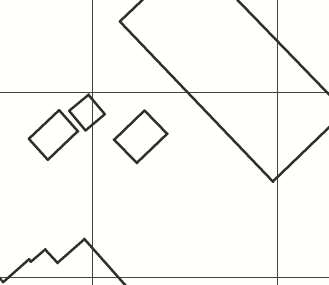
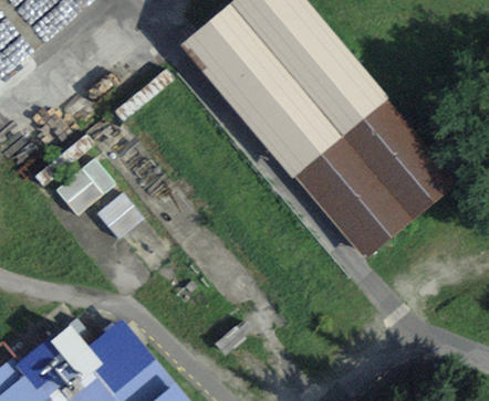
building: [69,95,105,130] -> [101,188,145,232]
building: [114,111,167,163] -> none

